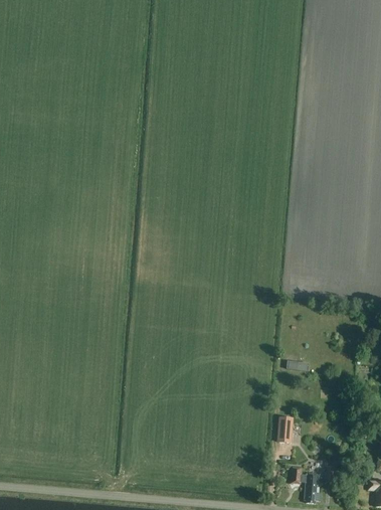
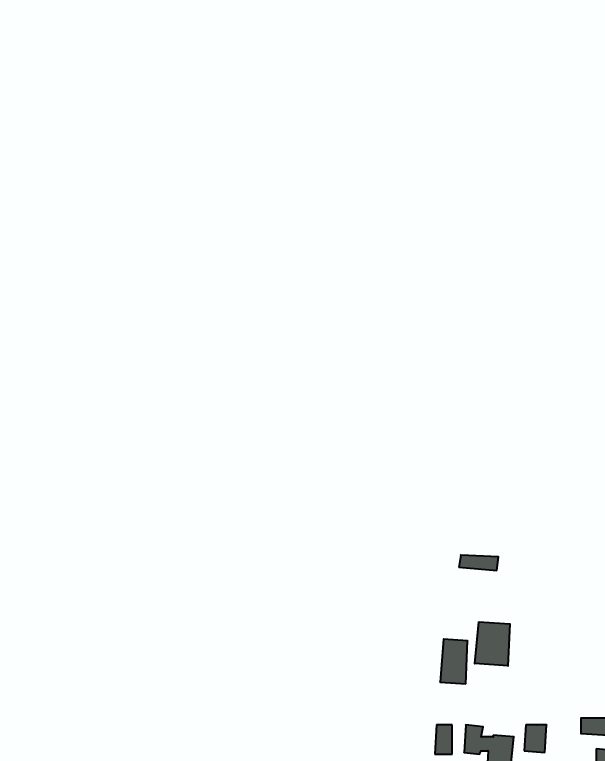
building: none -> [475,622,510,666]

